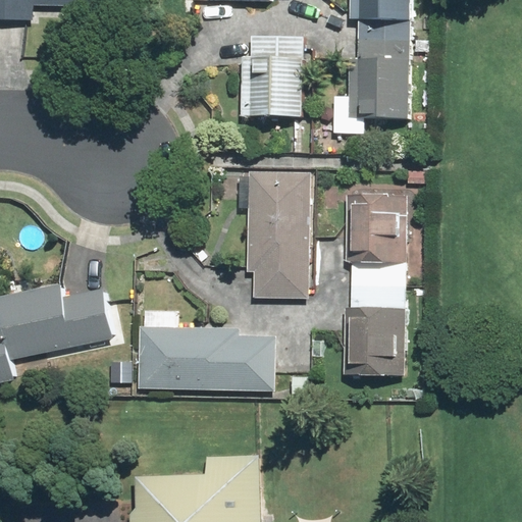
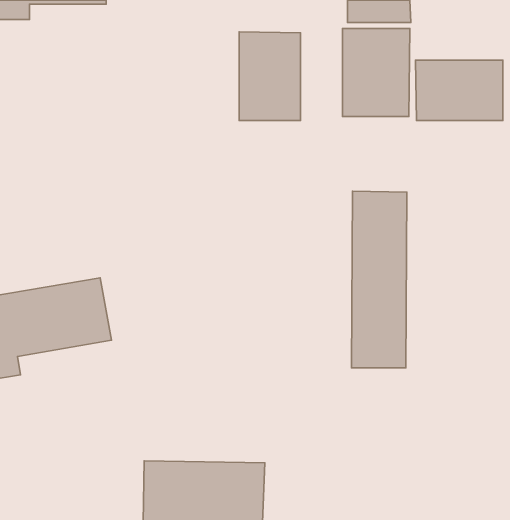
building: none -> [415,60,503,121]
building: [243,172,308,302] -> none
building: [132,326,275,381] -> none

